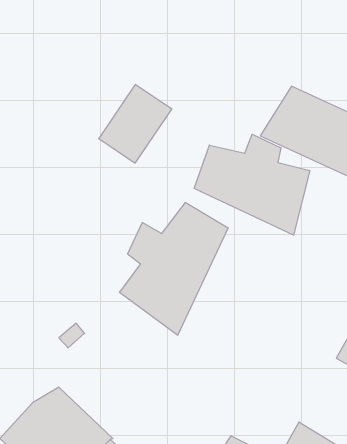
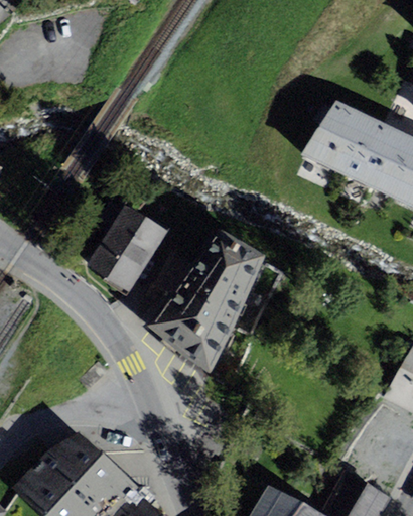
building: [99,84,172,163] -> [88,207,168,293]
building: [194,134,310,235] -> none

